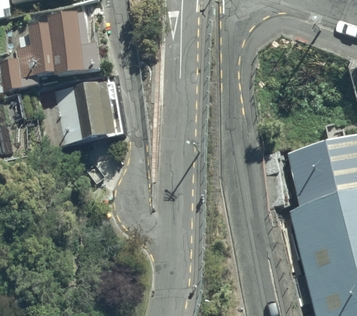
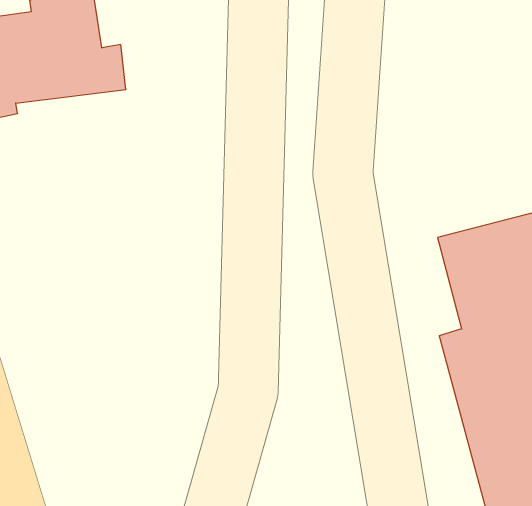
building: [53,81,121,142] -> none

